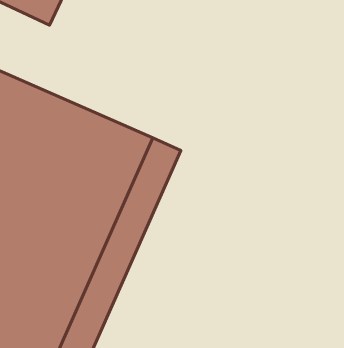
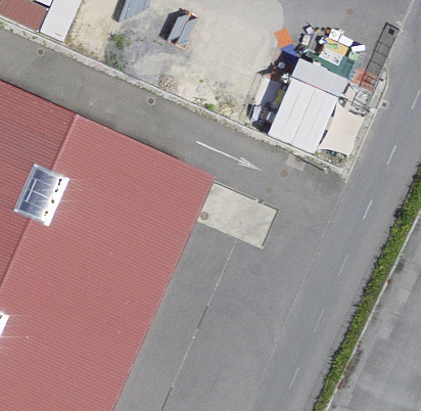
building: none -> [270,57,344,148]

